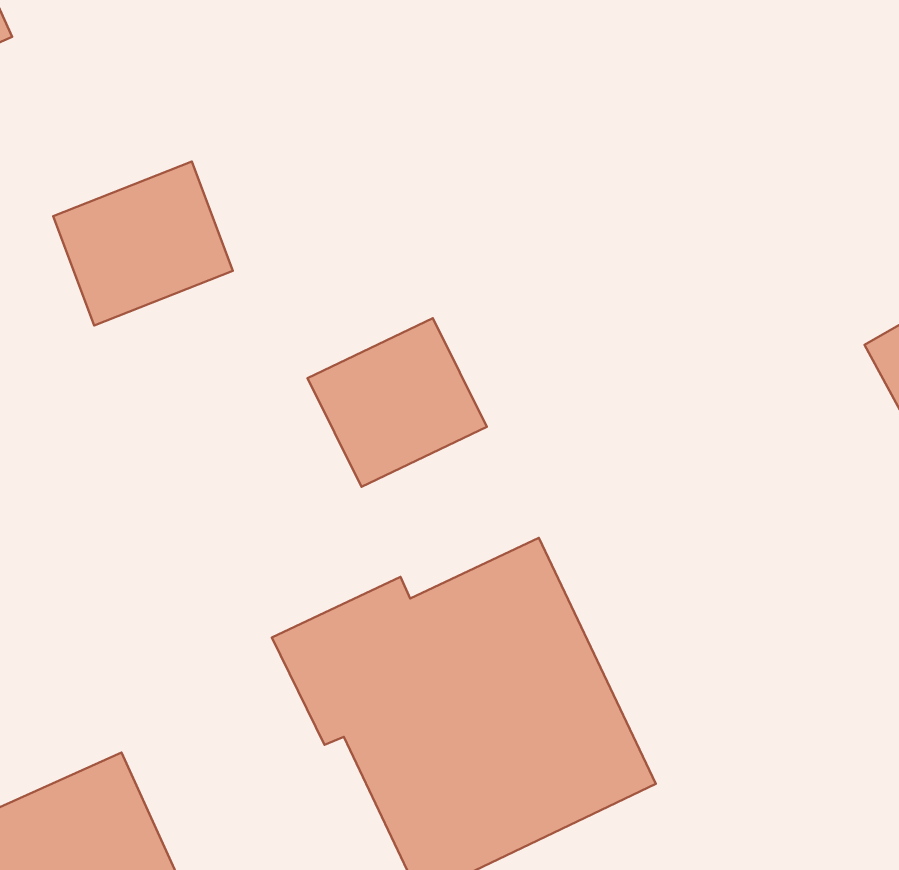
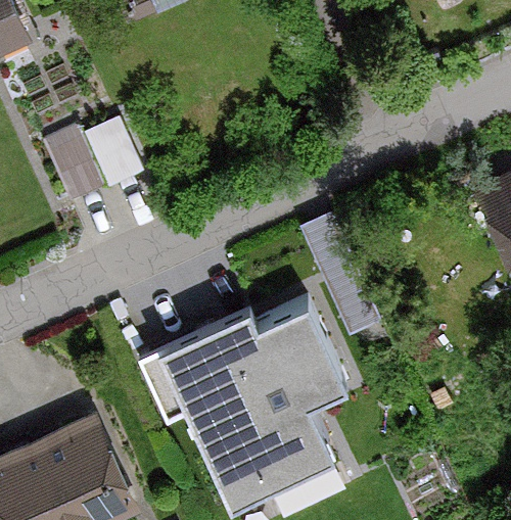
building: [307,318,487,487] -> none

